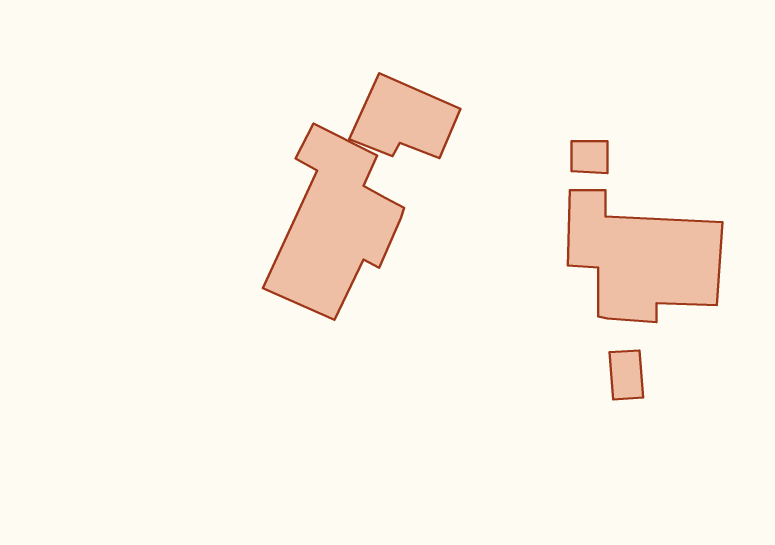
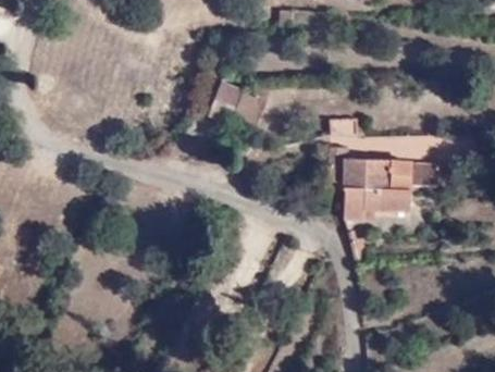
building: [263,123,404,320] -> none

